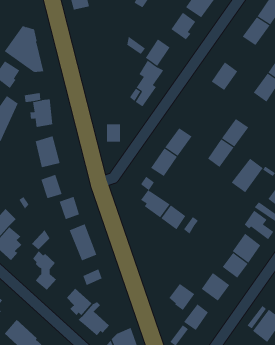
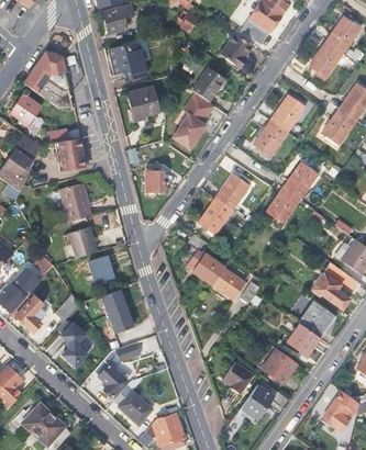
building: none -> [108,44,146,78]
building: none -> [127,86,159,121]
building: none -> [254,119,288,155]
building: [231,158,263,193] -> none

